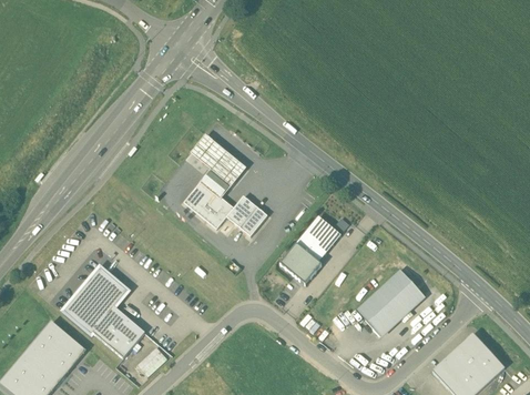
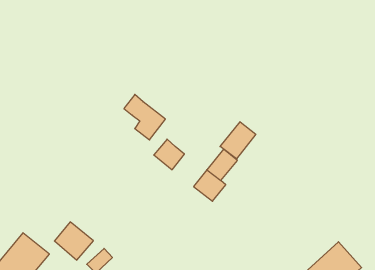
building: none -> [220,122,256,159]
building: [184,181,234,229] -> none
building: [64,269,126,333] -> none
building: [358,271,422,334] -> none

